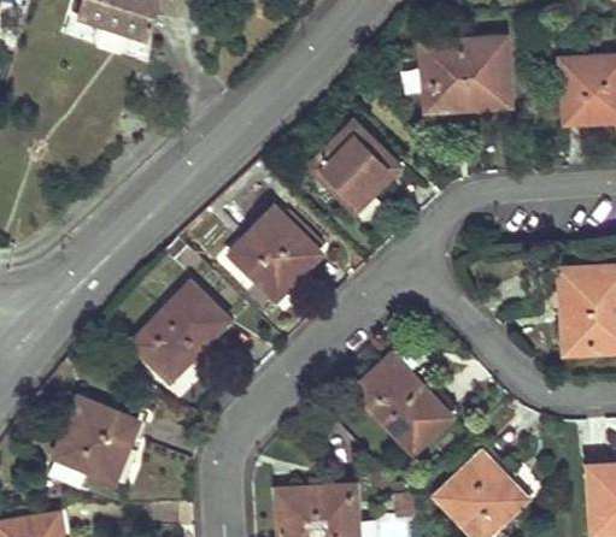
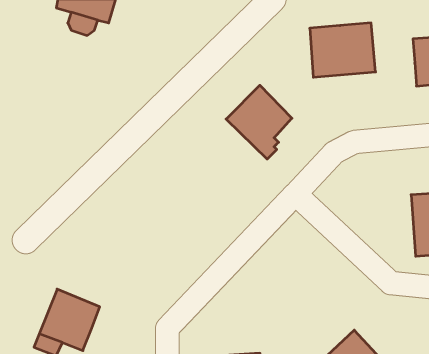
building: [230,210,319,297] -> none
building: [133,283,228,378] -> none
building: [354,356,451,453] -> none

